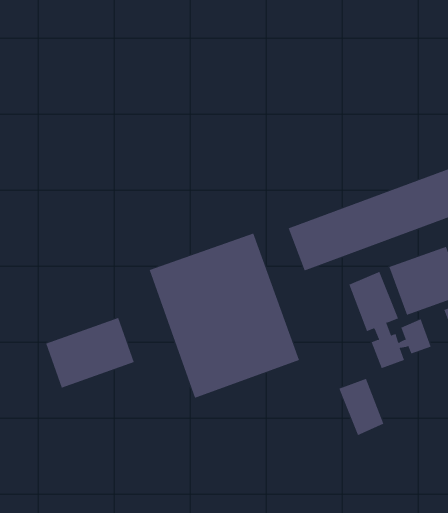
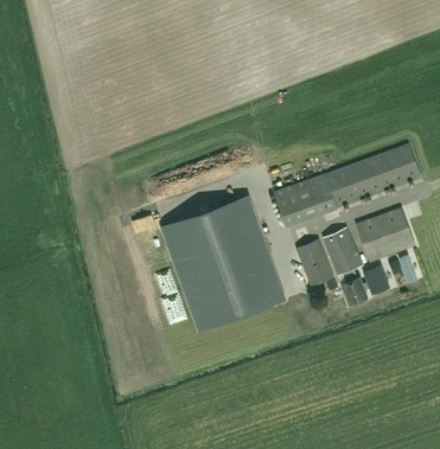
building: [46,317,134,389] -> none
building: [338,378,384,436] -> [296,239,333,286]

